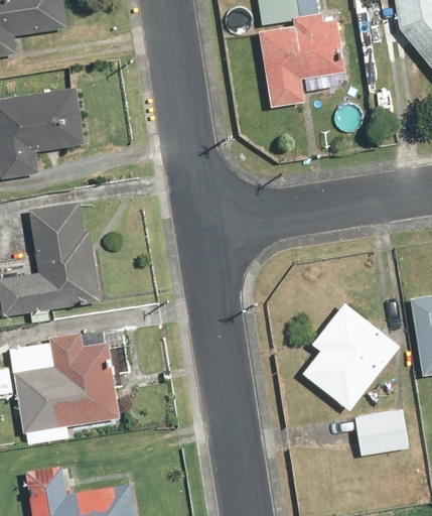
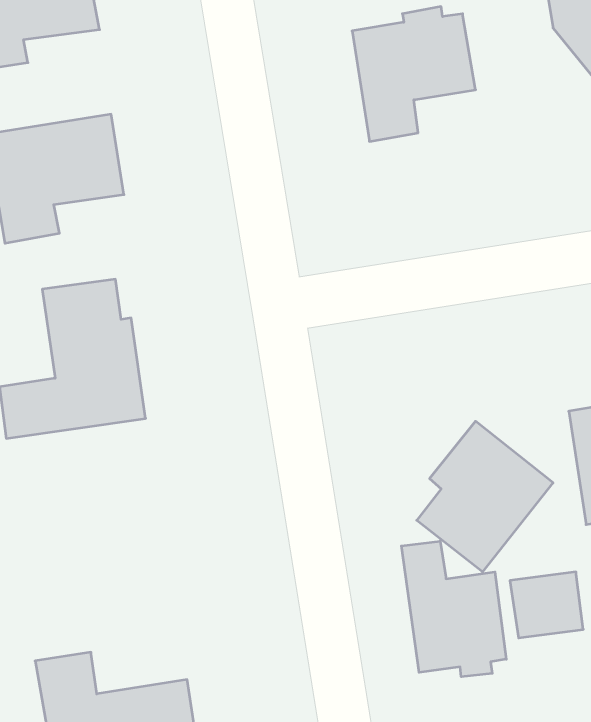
building: [16,332,120,431] -> none
building: none -> [401,541,506,677]

